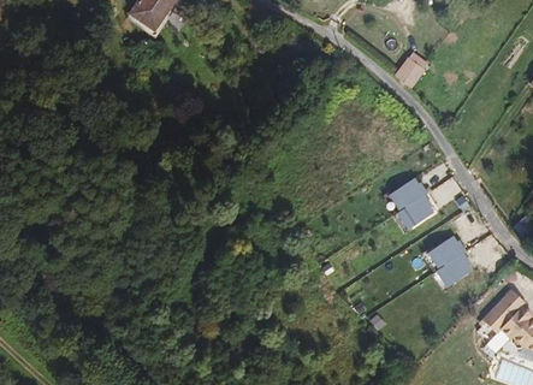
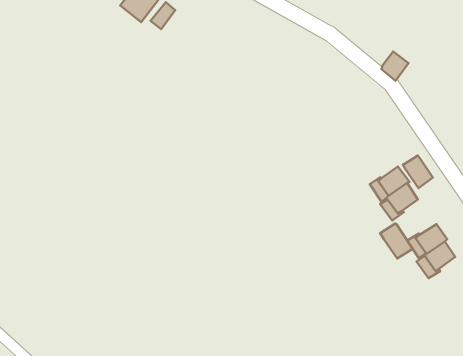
building: none -> [403,155,433,188]
building: none -> [380,224,412,259]

